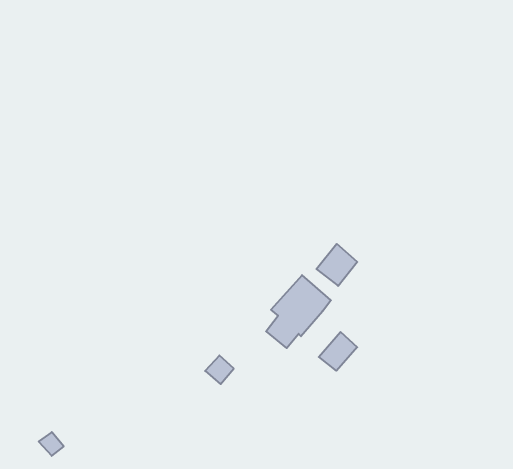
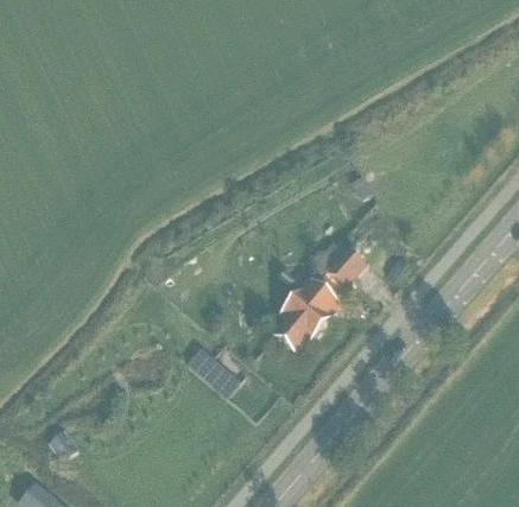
building: [319,332,357,371] -> none

